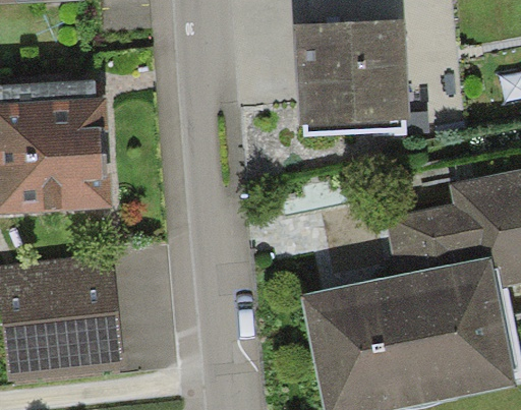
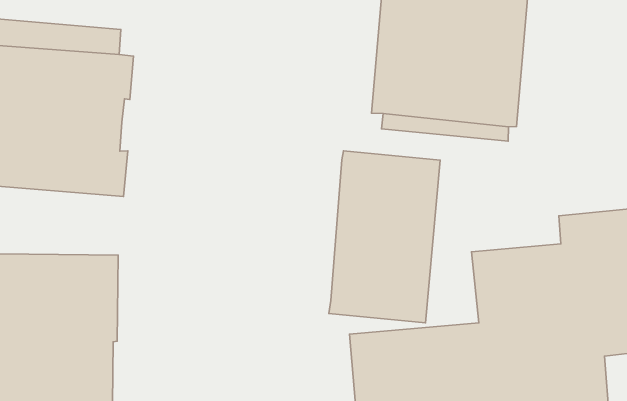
building: none -> [329,151,440,323]

